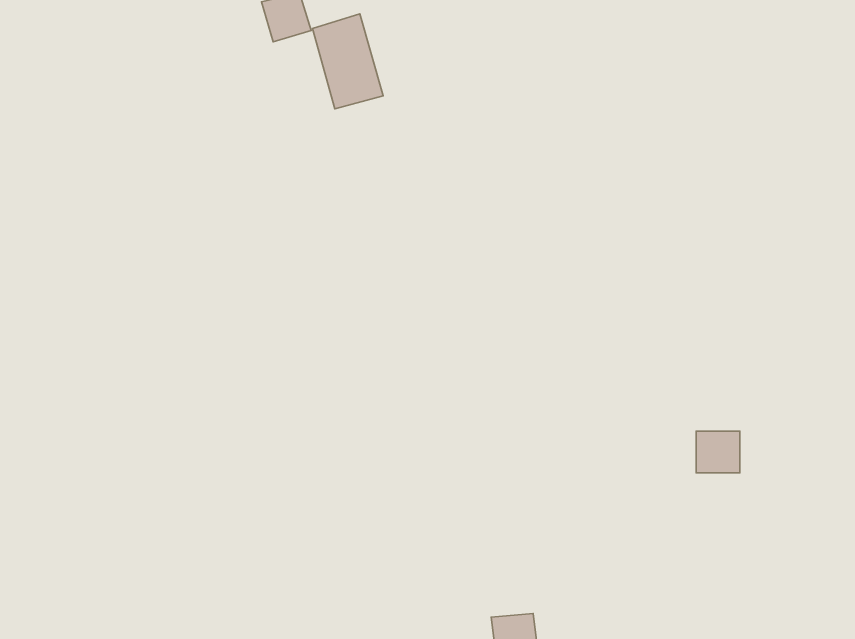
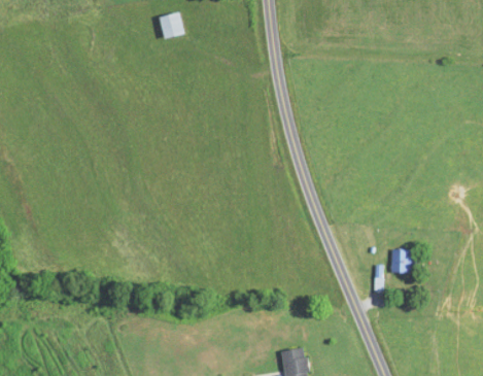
building: [312,14,383,109] -> none

